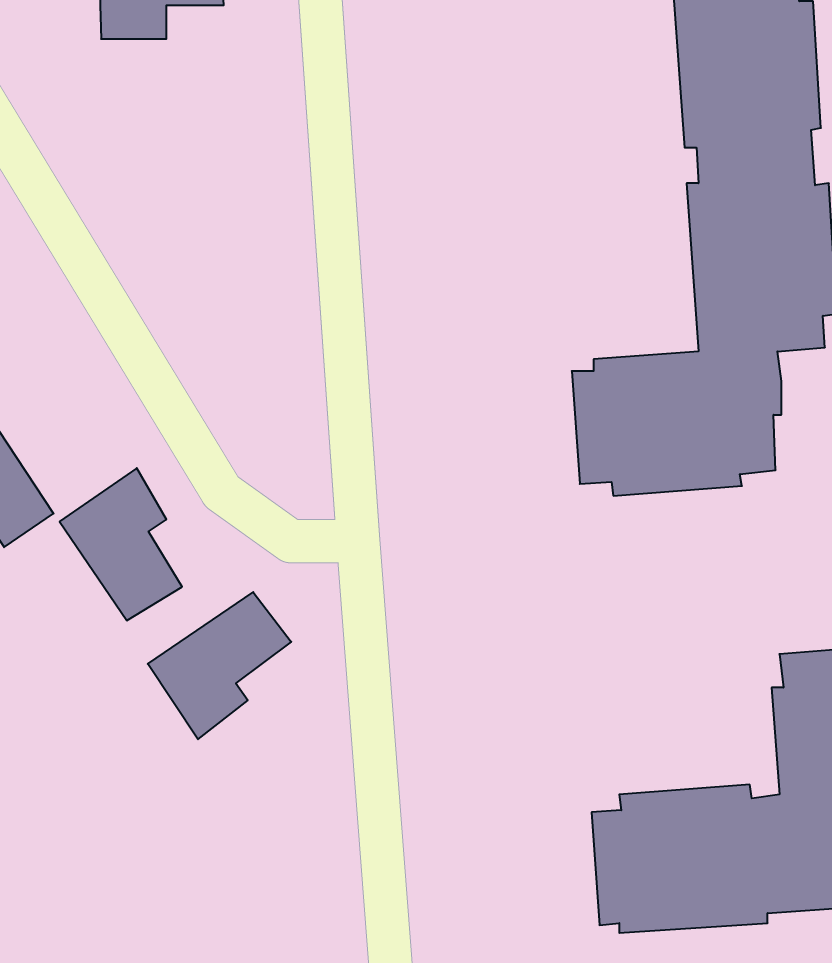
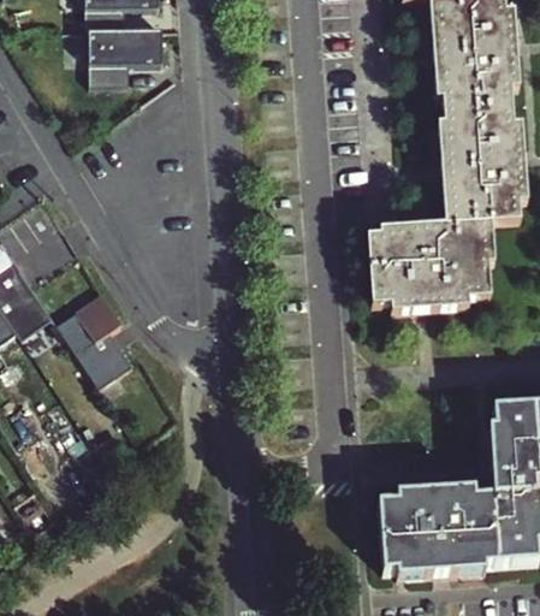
building: none -> [84,31,159,88]
building: [148,592,291,739] -> none

